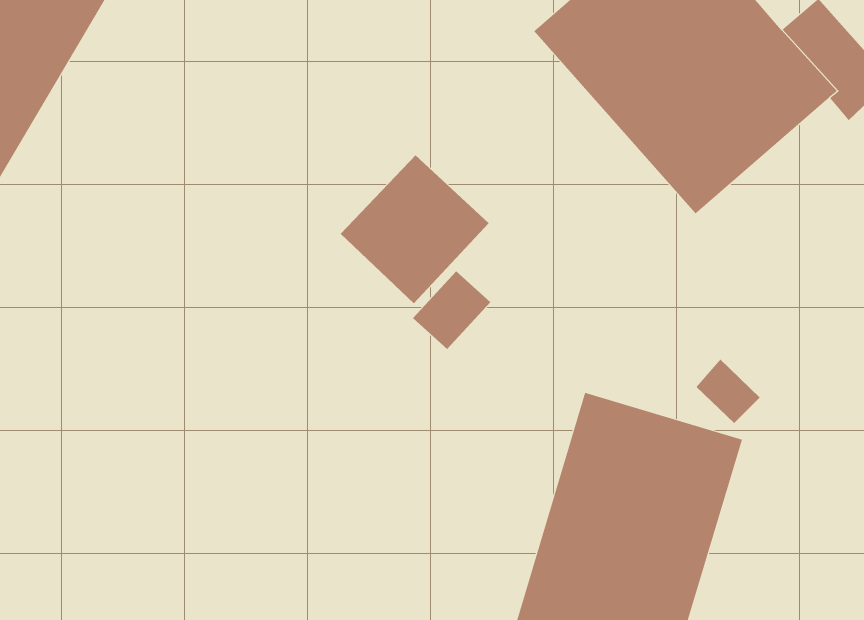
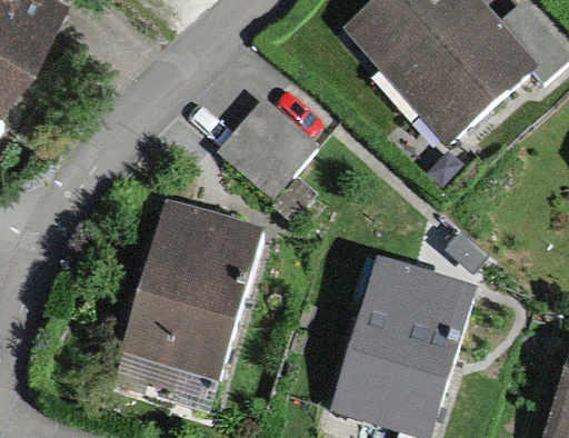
building: none -> [118,200,261,379]

